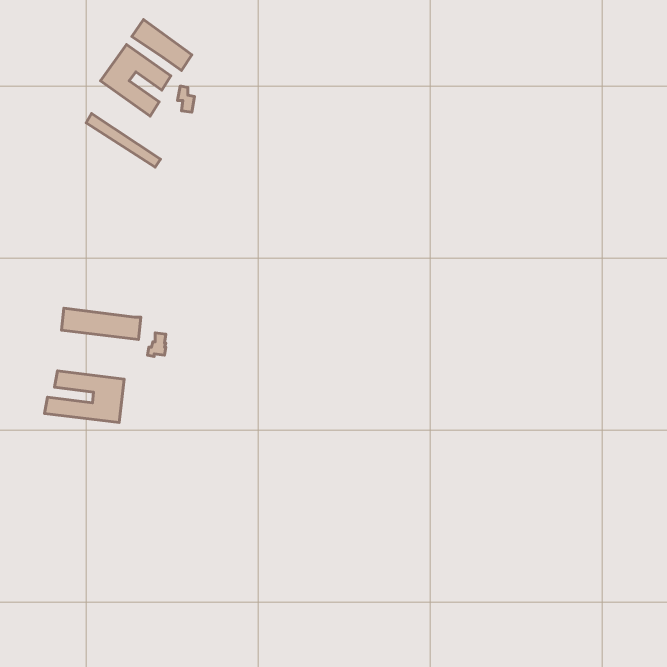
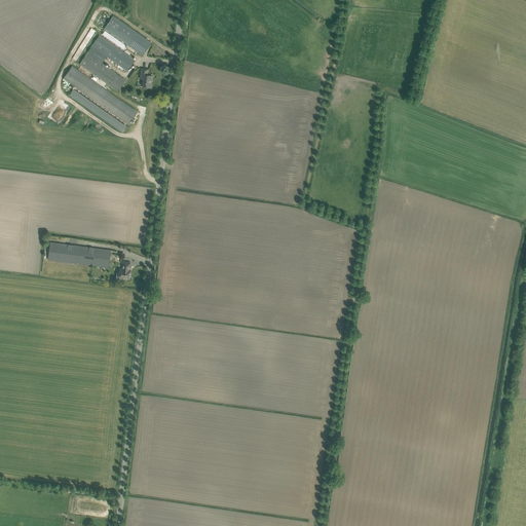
building: none -> [64,67,137,124]
building: [45,371,124,422] -> none

